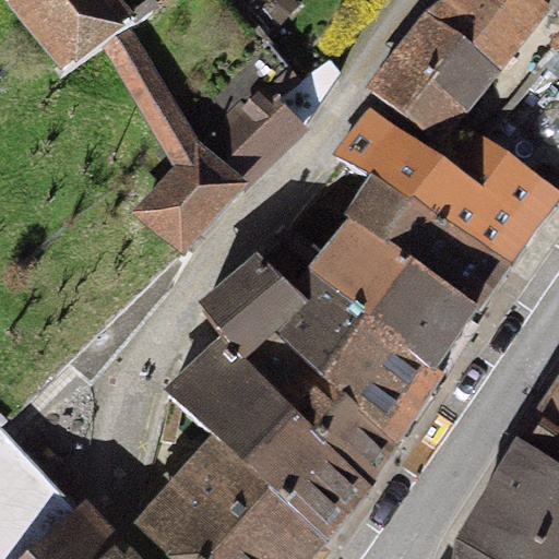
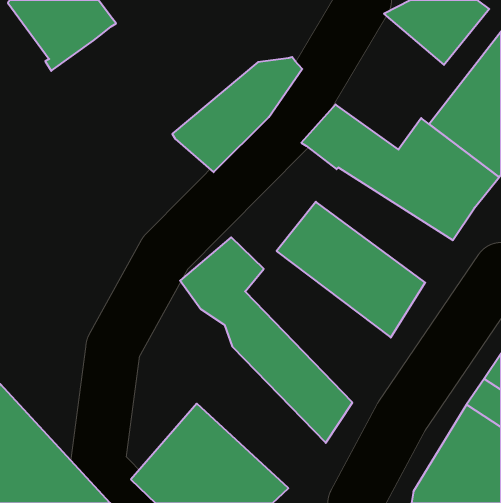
building: [367,15,492,144] -> none
building: [104,29,237,254] -> none
building: [350,186,502,313] -> none
building: [272,278,438,447] -> none
building: [166,343,361,542] -> none

